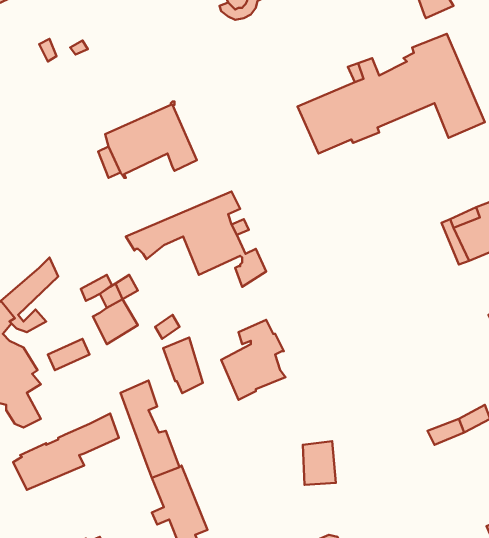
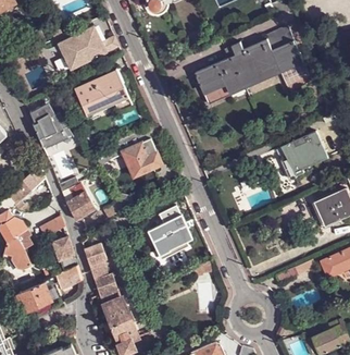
building: none -> [59,27,118,71]
building: none -> [29,110,70,150]
building: [163,338,203,393] -> [52,237,77,272]

